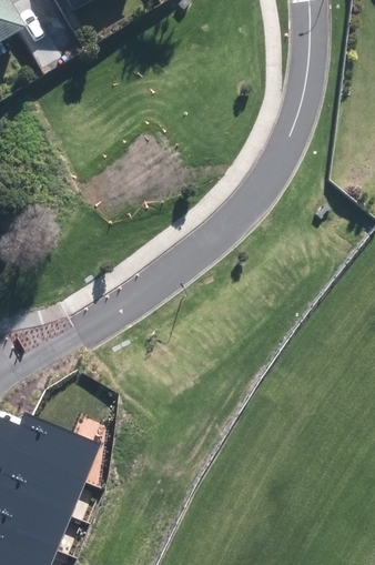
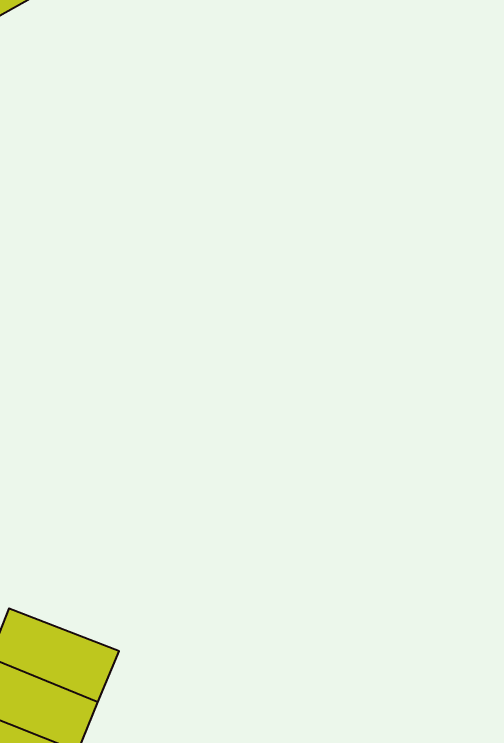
building: [7,413,94,476] -> none

